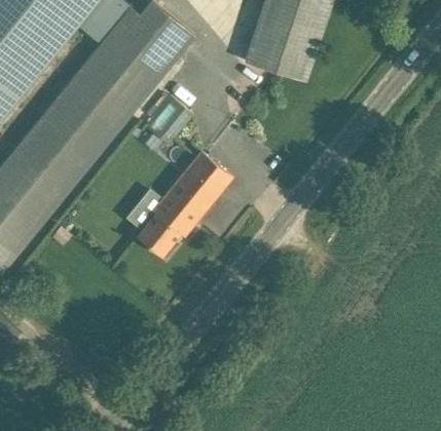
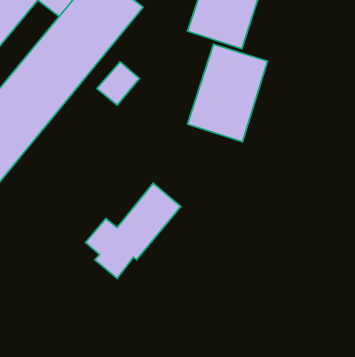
building: none -> [188,44,267,142]
building: [126,153,232,259] -> [86,183,181,278]

